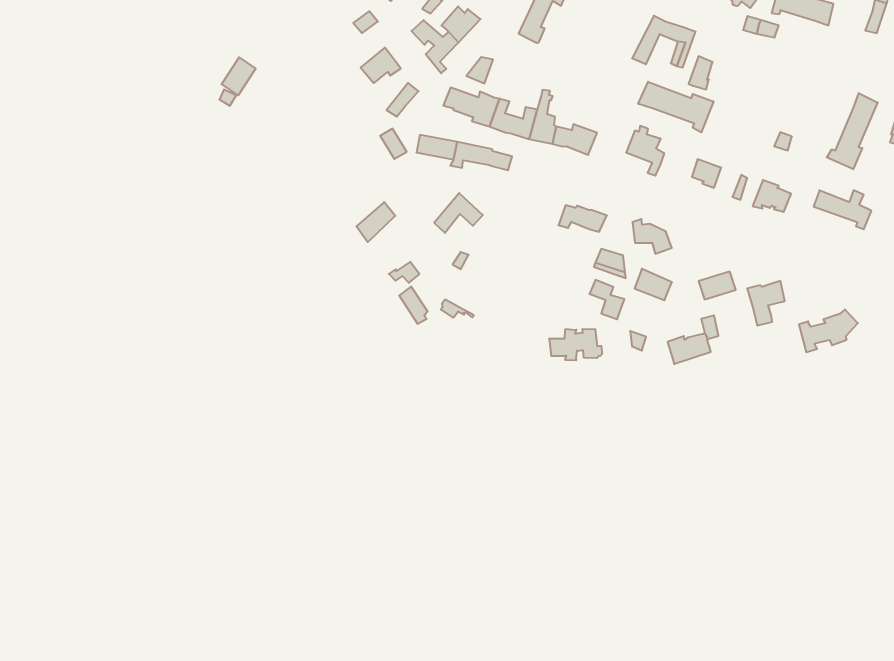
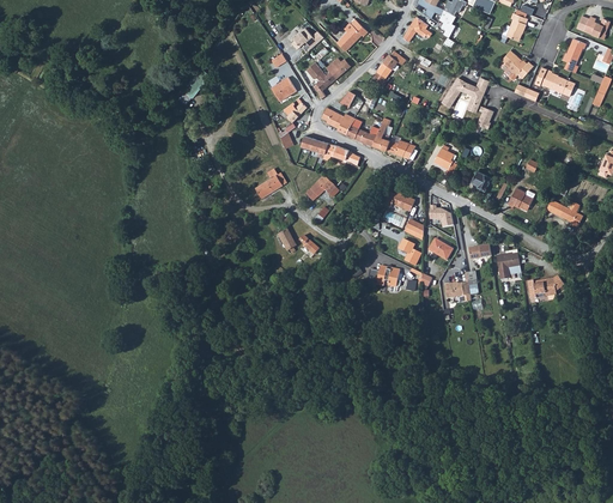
building: [638,82,714,132] -> none
building: [827,93,878,169] -> none

